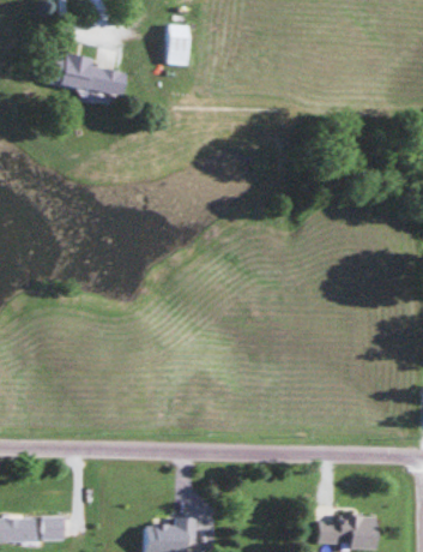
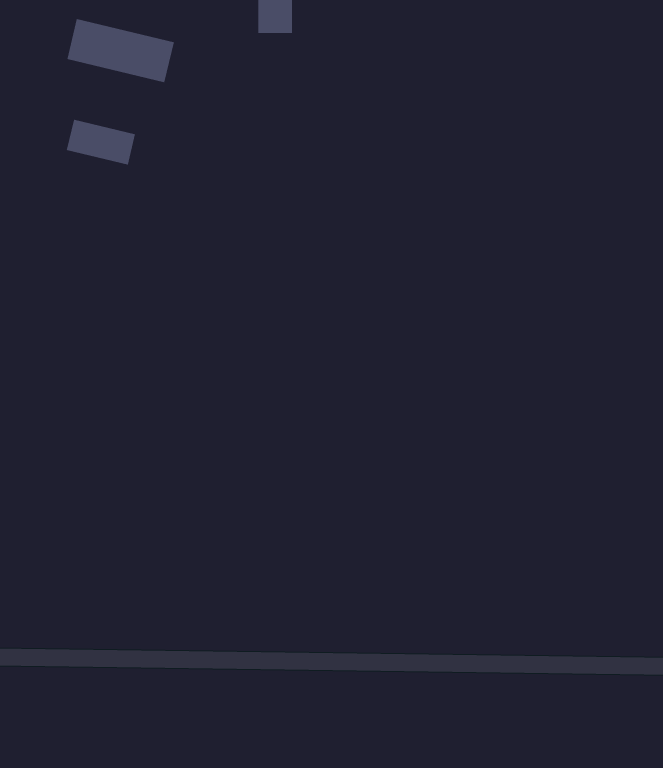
building: none -> [66,119,136,166]

